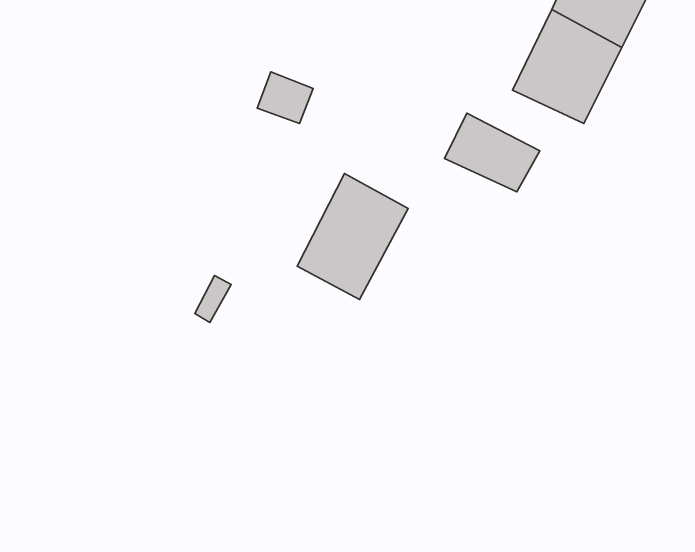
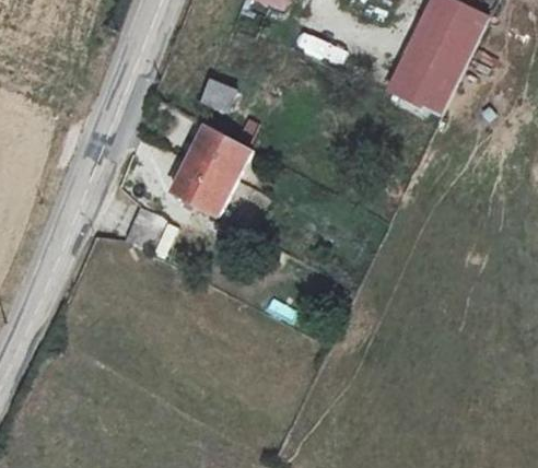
building: [445,113,540,192] -> none
building: [297,173,408,300] -> [175,125,255,215]

